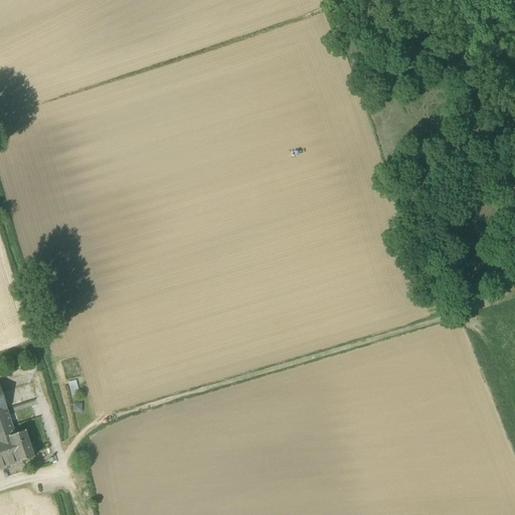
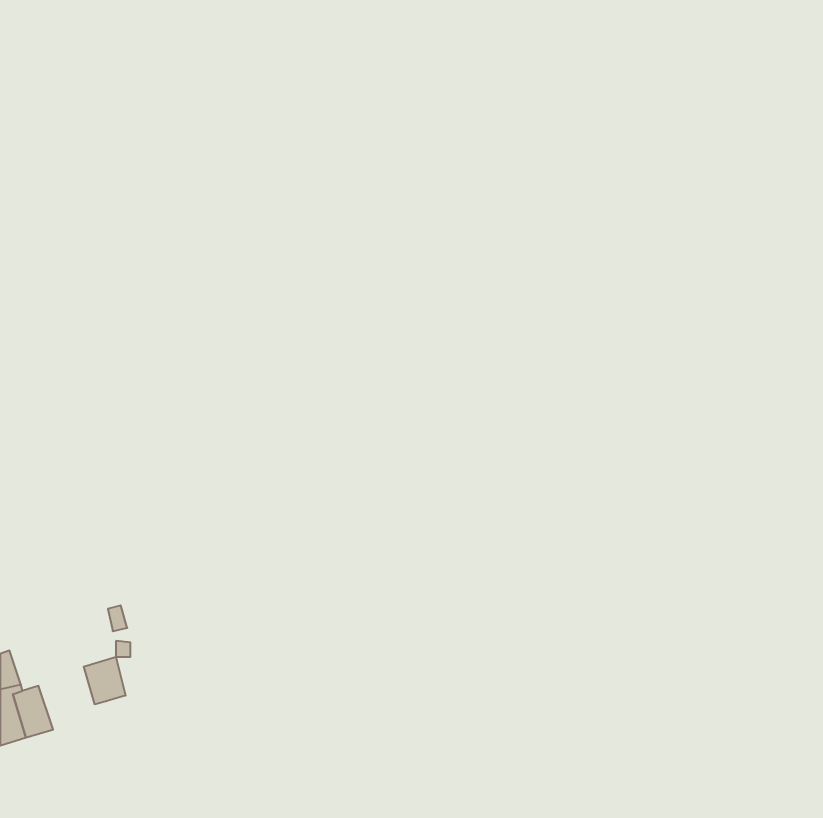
building: none -> [84,657,126,704]

